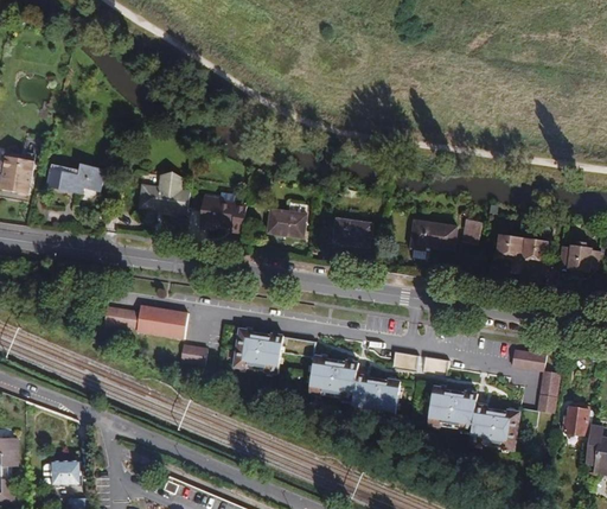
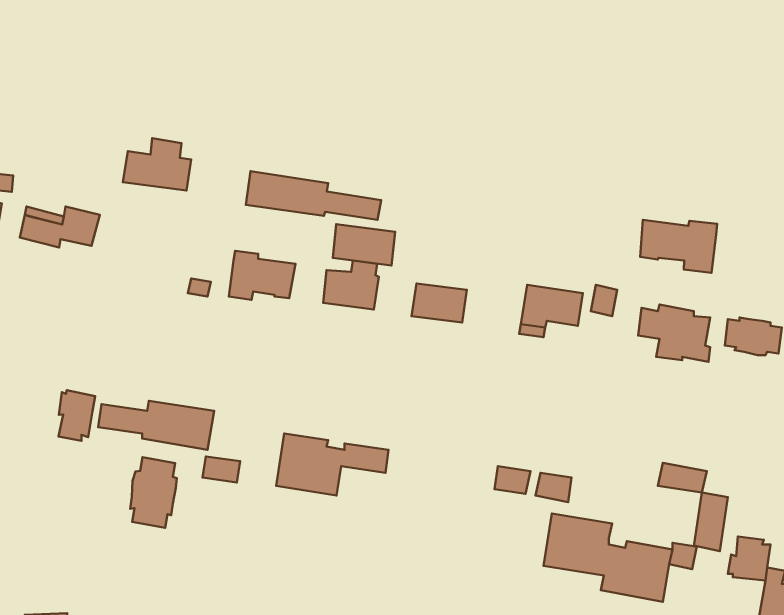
building: none -> [246,171,381,220]
building: none -> [640,220,717,273]
building: [139,174,189,212] -> [123,138,191,190]
building: none -> [333,224,395,266]
building: none -> [59,390,95,441]
building: none -> [130,457,177,528]
building: [308,355,400,418] -> none

